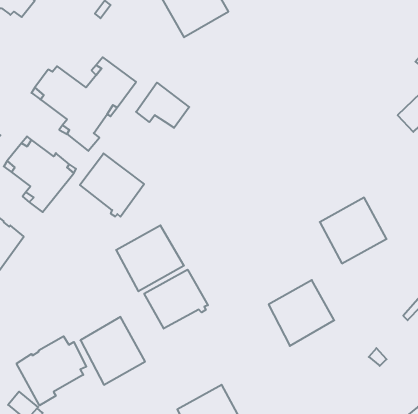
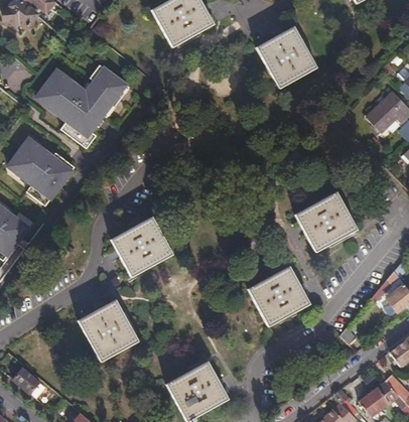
building: none -> [256,26,314,88]
building: [136,83,189,128] -> none
building: [80,153,144,217] -> none
building: [144,270,208,329] -> none
building: [17,336,86,405] -> none

